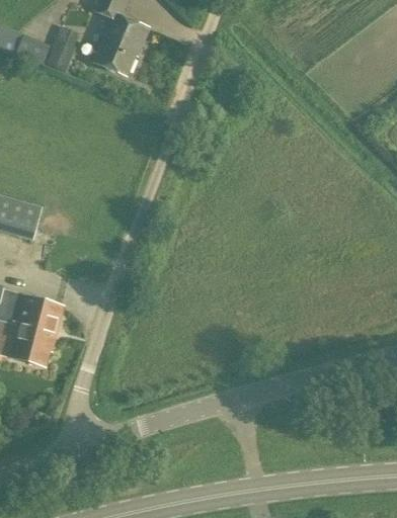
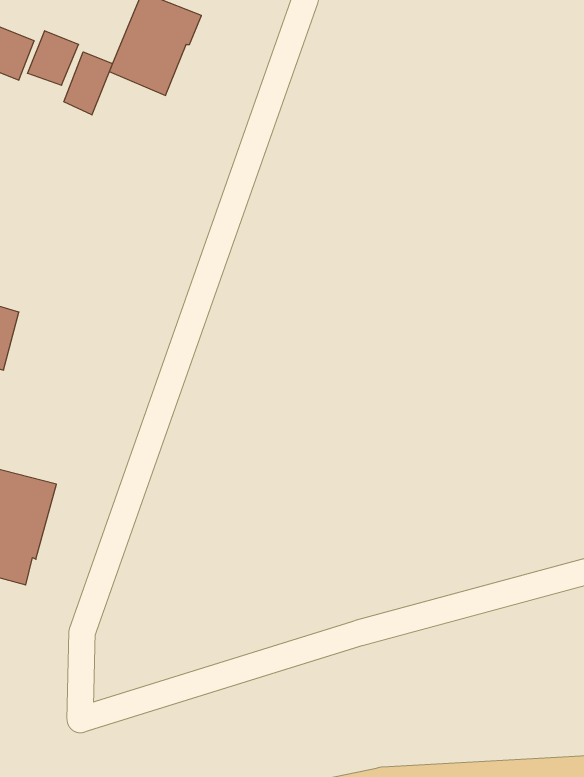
building: none -> [64,52,112,115]

